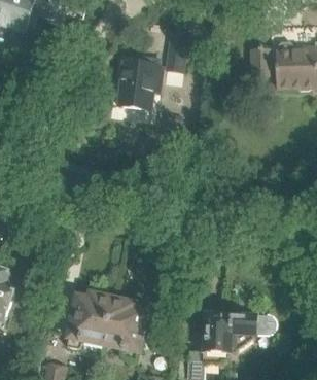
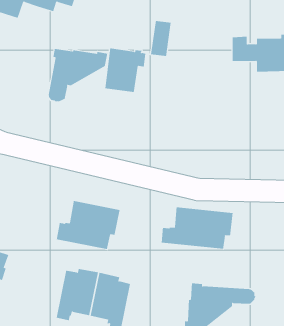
building: none -> [48,48,108,102]
building: none -> [56,200,120,250]
building: none -> [161,207,233,249]

